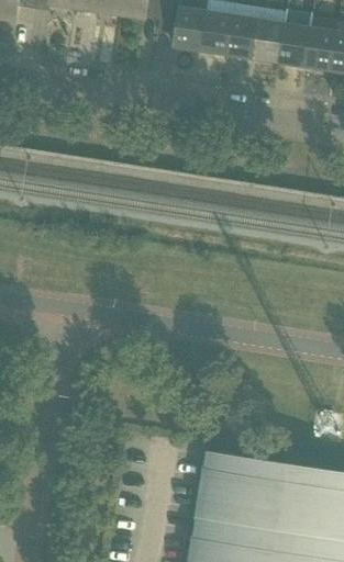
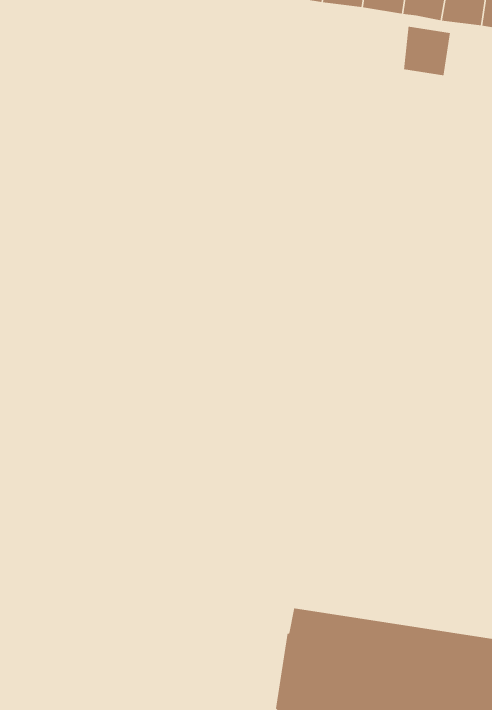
building: none -> [404,26,450,76]

